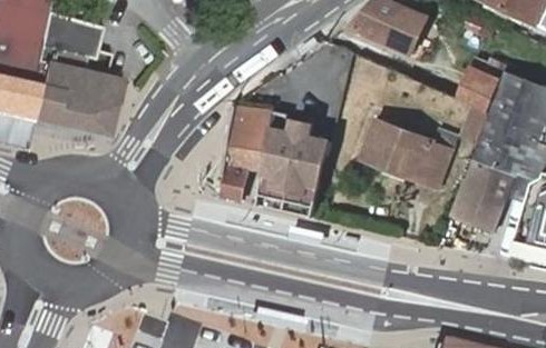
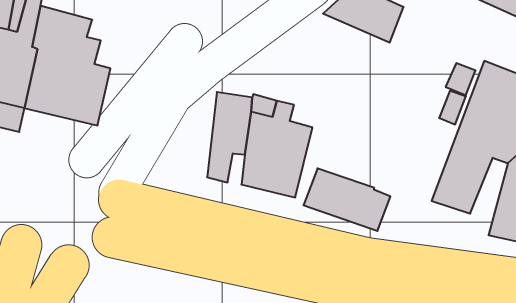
building: [361,119,451,183] -> [303,168,390,231]

